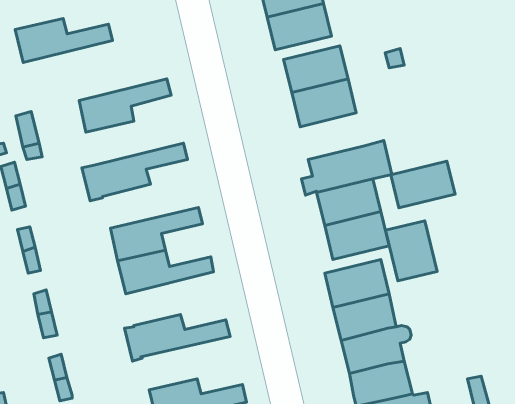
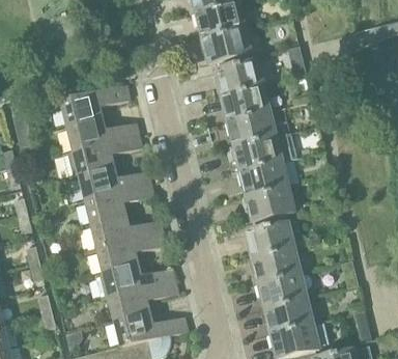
building: [15,19,112,63] -> [66,117,140,150]
building: [391,161,455,208] -> [228,111,277,146]
building: none -> [79,165,151,198]
building: [385,221,437,281] -> none
building: none -> [96,231,166,272]
building: none -> [108,280,178,321]

